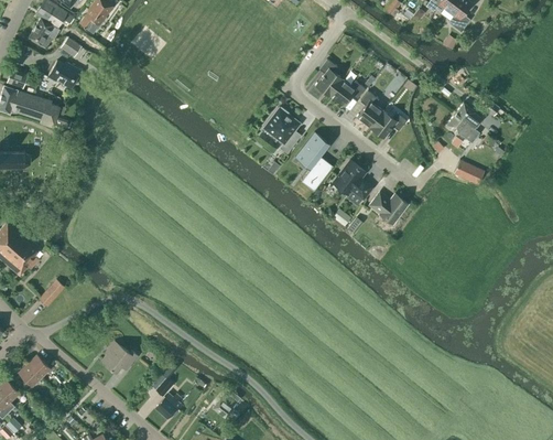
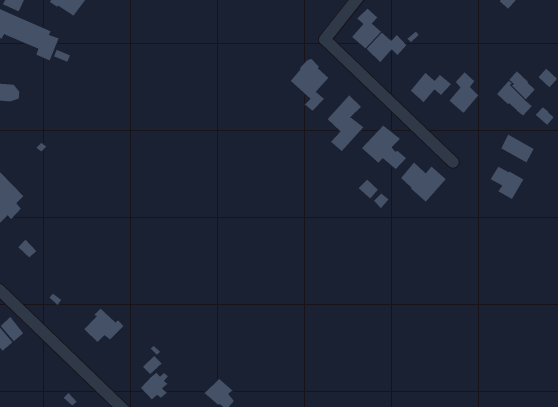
building: [356,92,382,129] -> [448,72,479,114]
building: none -> [490,166,524,200]

